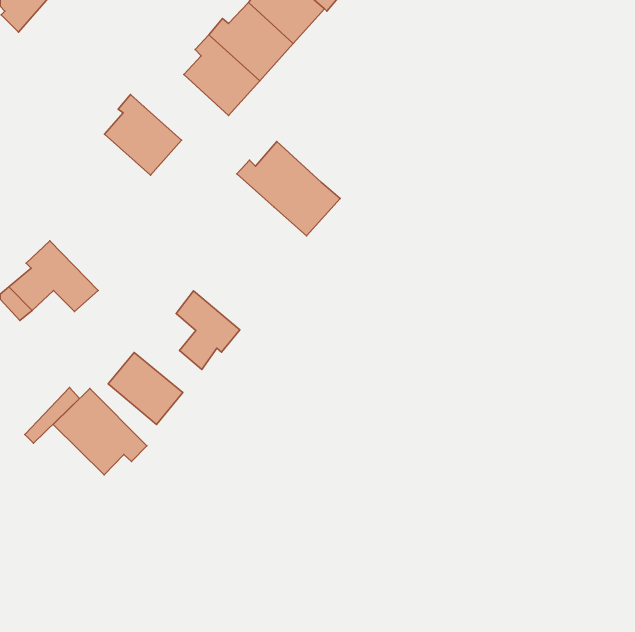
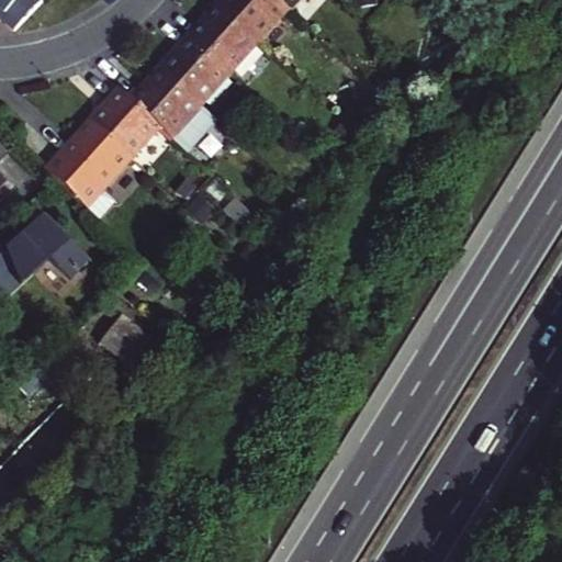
building: none -> [44,119,133,207]
building: [237,141,340,236] -> [127,66,218,149]
building: [176,291,240,369] -> none
building: [53,388,147,475] -> none

